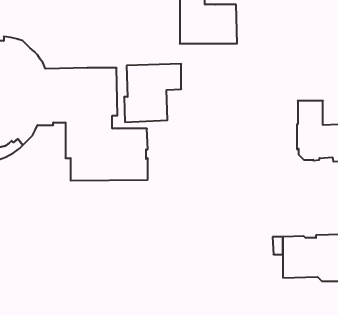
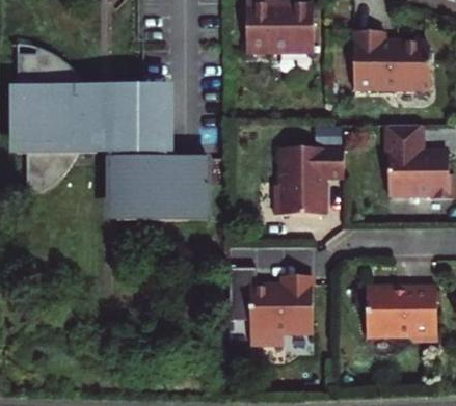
building: none -> [353,34,430,93]
building: [124,64,181,122] -> [274,148,343,218]
building: none -> [229,265,313,343]

